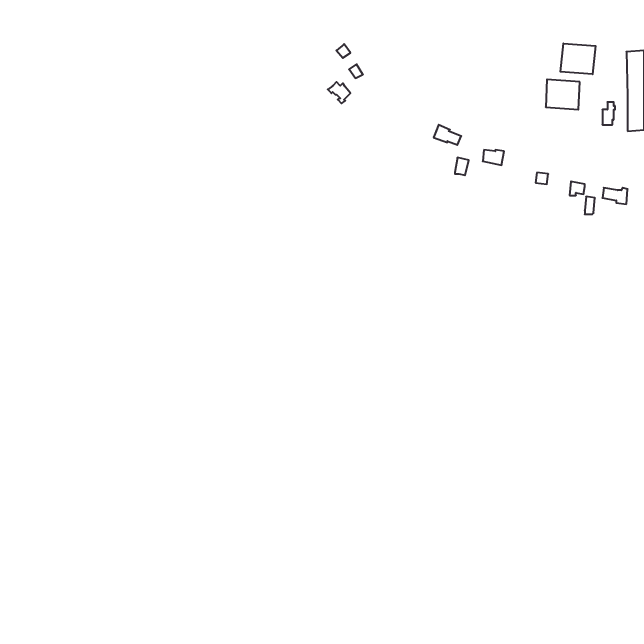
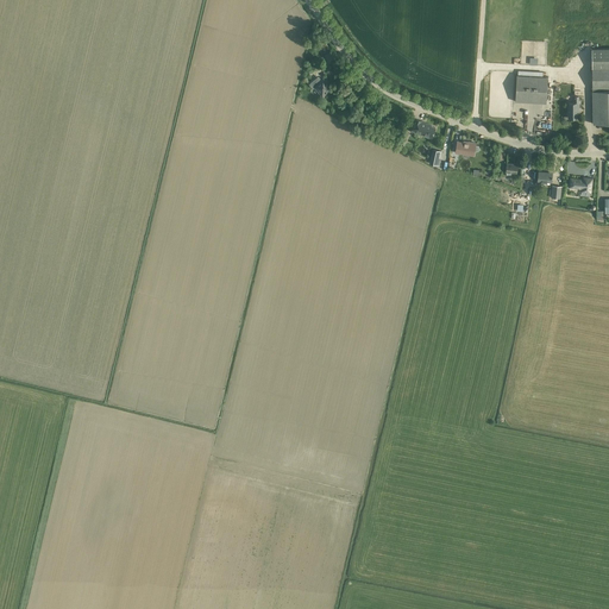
building: [560,43,596,74] -> none

